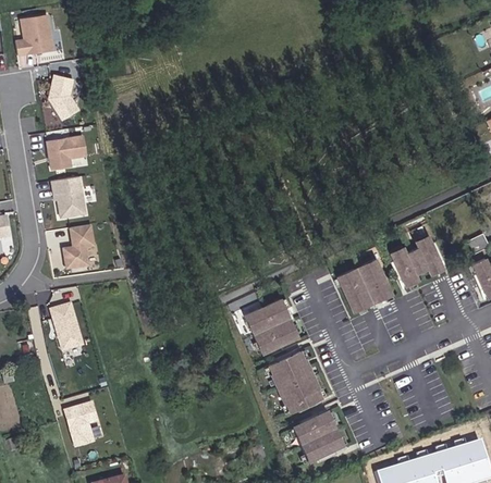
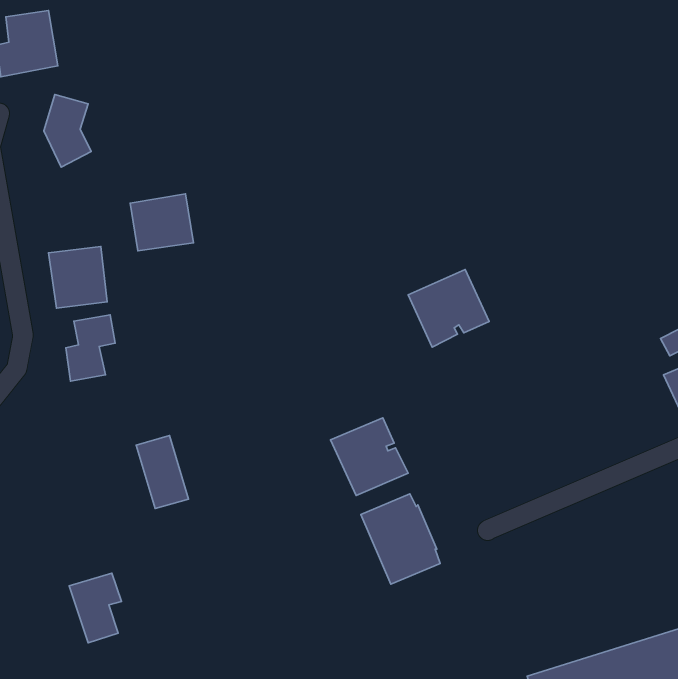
building: [44,133,87,172] -> [130,194,193,251]
building: [390,234,446,288] -> none
building: [334,255,390,308] -> [408,269,489,347]
building: [49,301,85,351] -> [136,436,188,509]
building: [289,408,339,458] -> none

